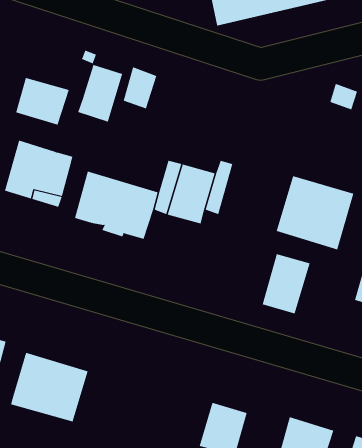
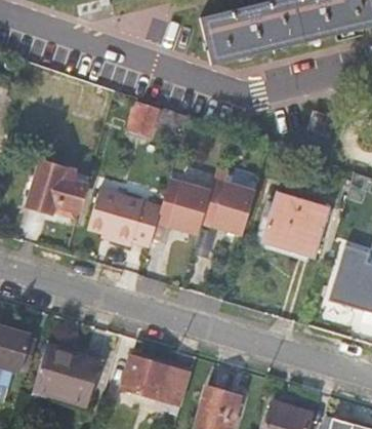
building: [78,64,123,122] -> none
building: [15,77,69,125] -> none
building: [262,254,311,314] -> [213,182,255,234]
building: none -> [121,356,191,405]

